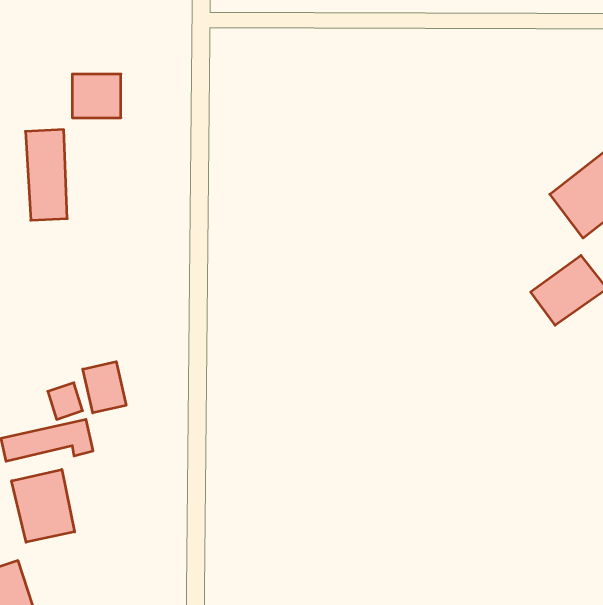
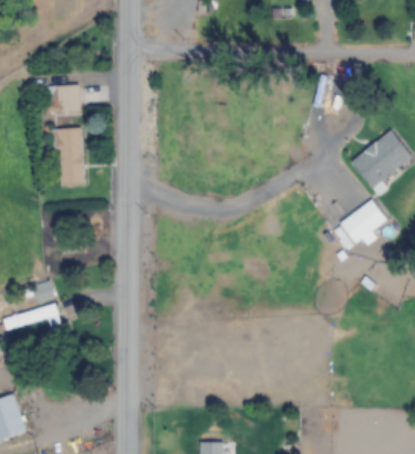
building: [25,130,67,220] -> [58,128,84,186]
building: [83,362,126,413] -> none
building: [12,469,75,542] -> none

